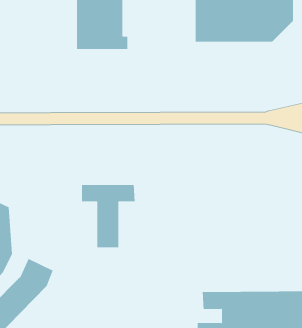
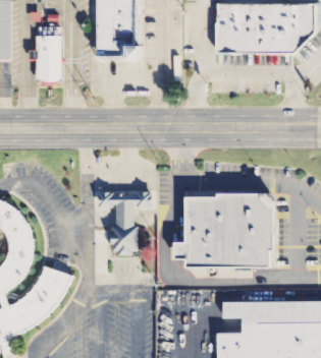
building: none -> [36,27,61,82]
building: none -> [172,192,271,266]

